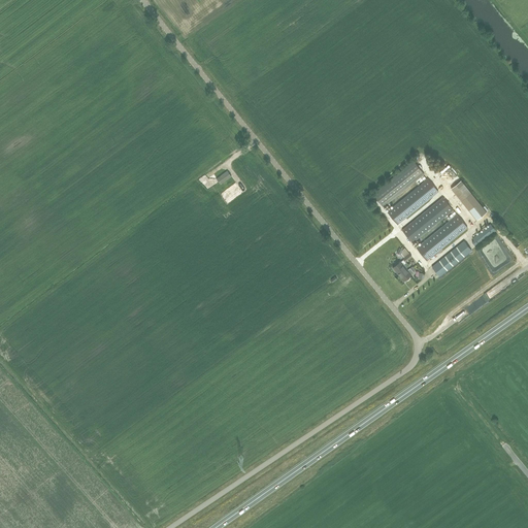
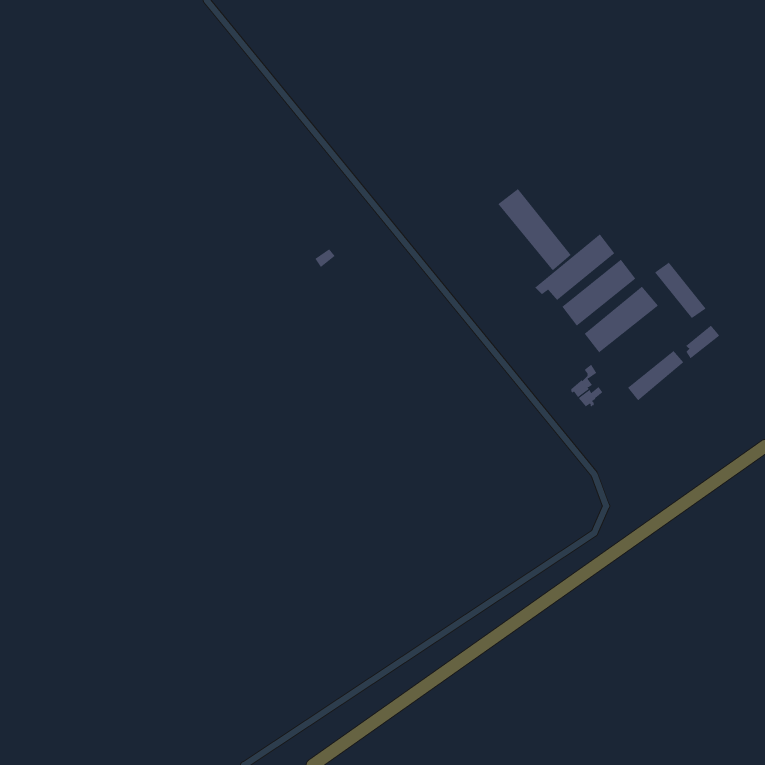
building: none -> [498,188,572,271]
building: [417,214,467,261] -> none

